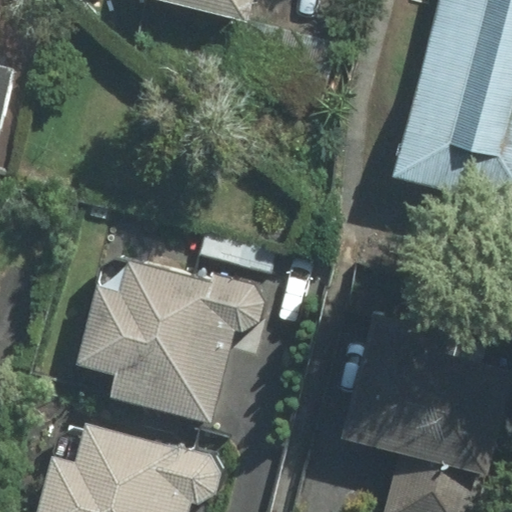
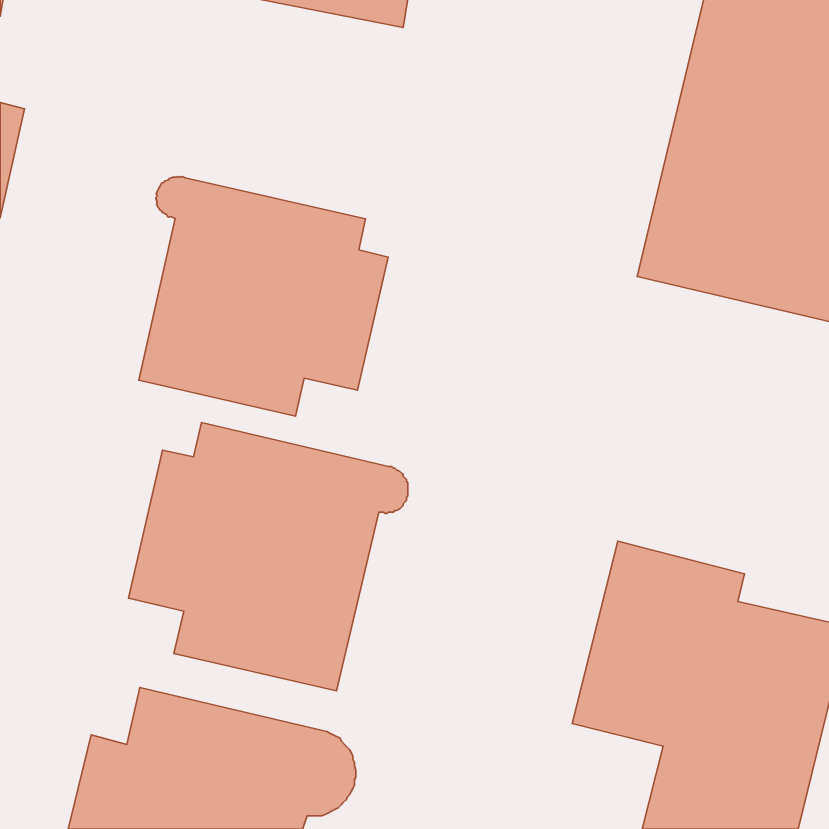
building: none -> [139,177,388,416]

